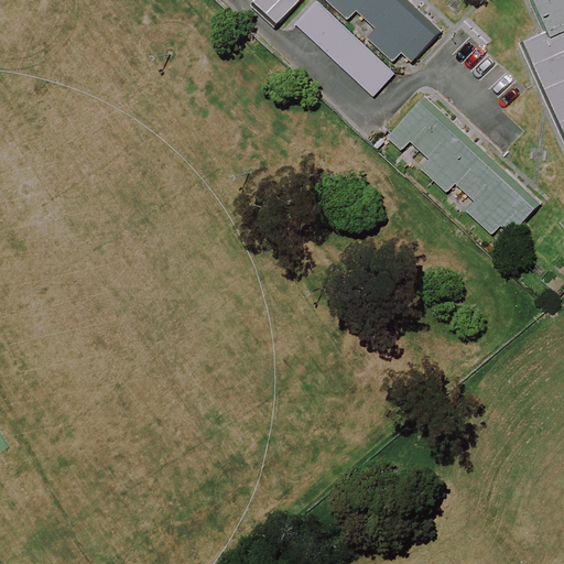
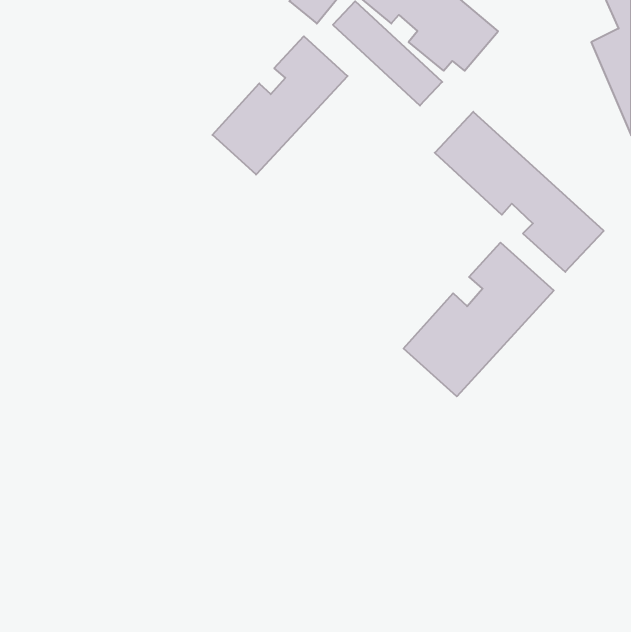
building: none -> [212,36,348,175]
building: none -> [404,243,554,396]

